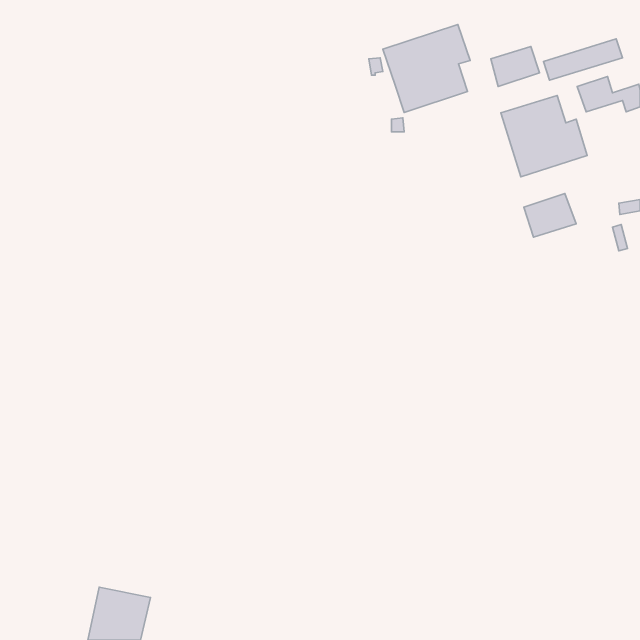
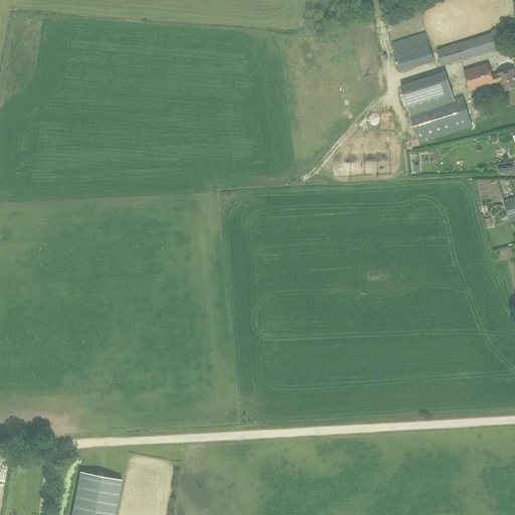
building: [383,25,470,113] -> none
building: [524,193,576,237] -> none

